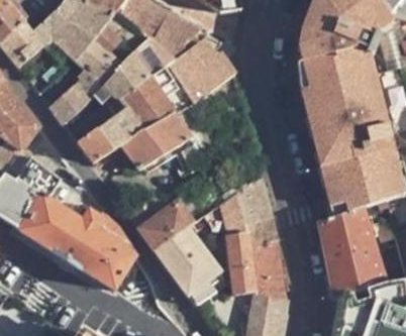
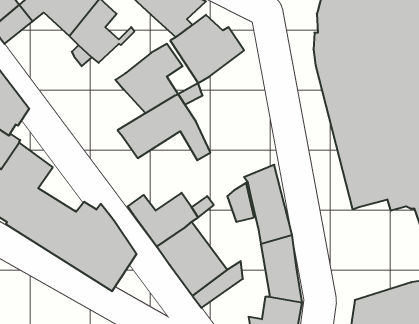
building: [93,41,173,105] -> none
building: [50,83,89,124] -> none
building: [78,108,145,162] -> none
building: [318,208,386,299] -> none
building: [227,227,255,295] -> none

